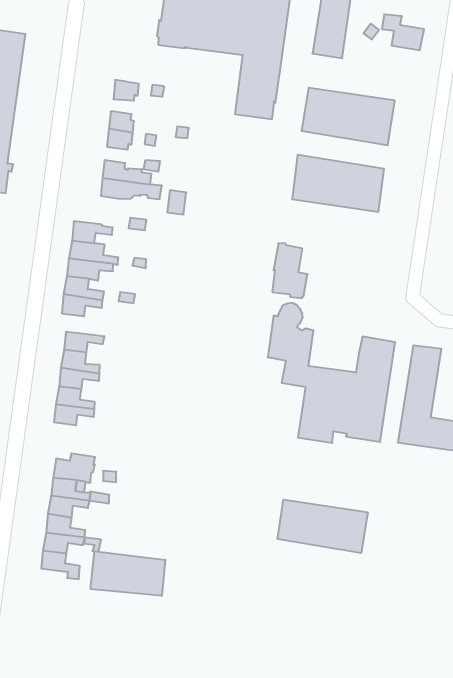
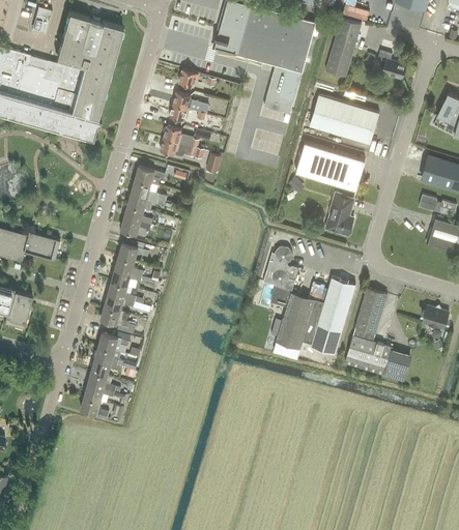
building: [272,243,308,298] -> [326,195,353,236]
building: none -> [99,307,135,335]
building: [277,500,368,553] -> none
building: [91,551,165,596] -> none

